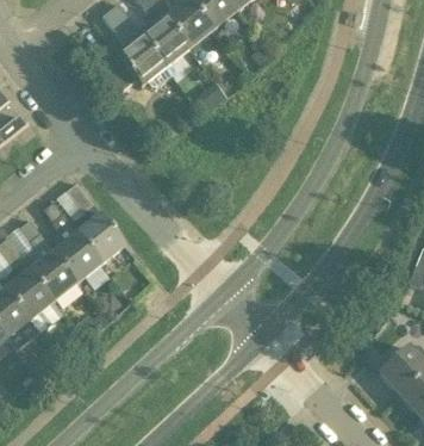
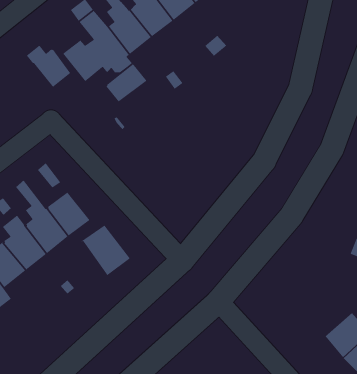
building: none -> [26,45,71,88]
building: none -> [105,63,147,103]
building: none -> [81,225,131,276]

